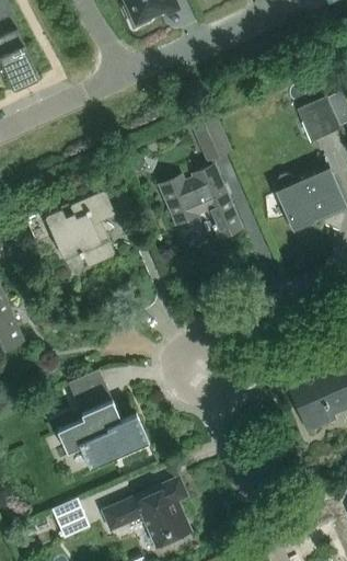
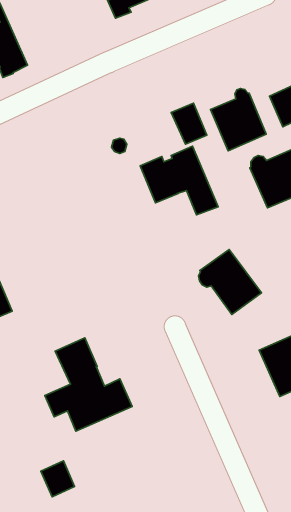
building: none -> [210,88,266,151]
building: [46,192,115,268] -> none
building: none -> [199,250,261,314]
building: [102,479,190,550] -> none

